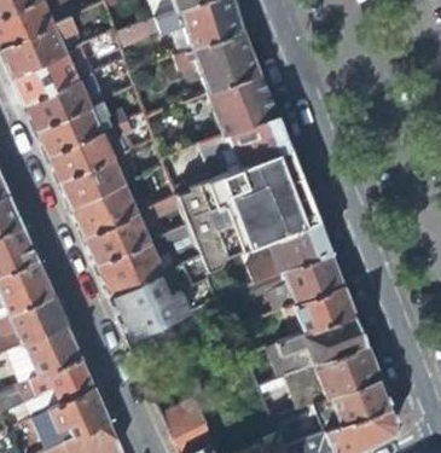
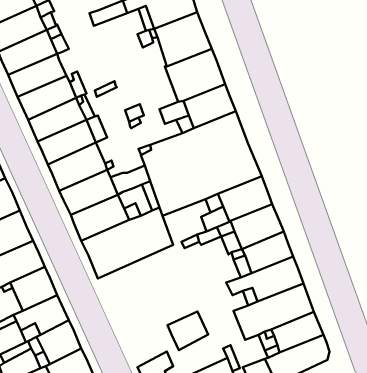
building: [161,396,208,441] -> [167,312,208,350]

